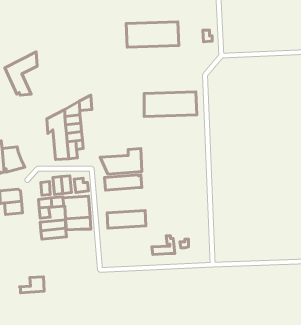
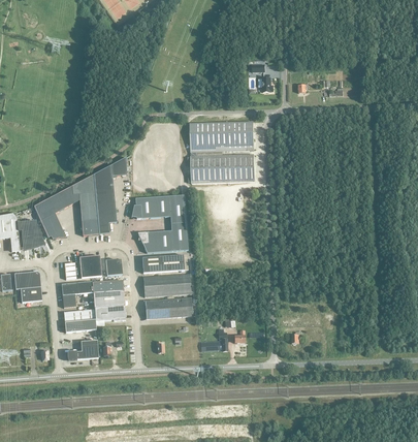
building: [126,22,179,47] -> [190,120,254,151]
building: [5,52,37,95] -> [34,185,73,238]
building: none -> [132,194,187,222]
building: none -> [143,273,191,295]
building: [20,277,44,293] -> [68,339,98,358]

